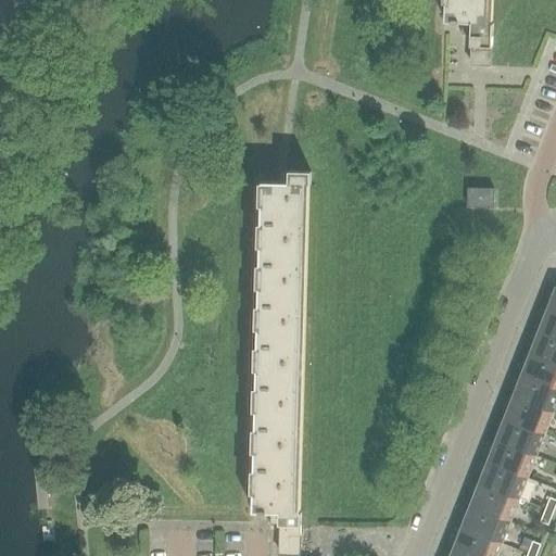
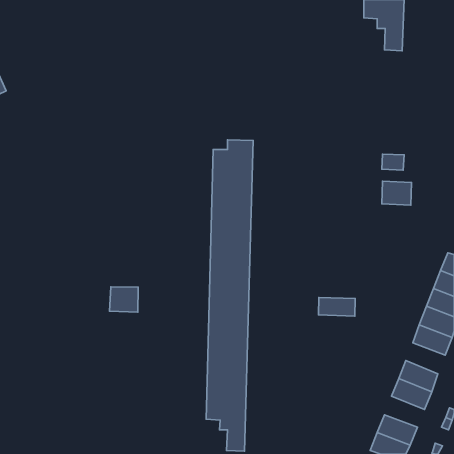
building: none -> [382,181,411,205]
building: none -> [110,287,138,312]
building: none -> [319,297,355,316]
building: [494,418,542,456] -> none
building: [468,483,517,521] -> none

